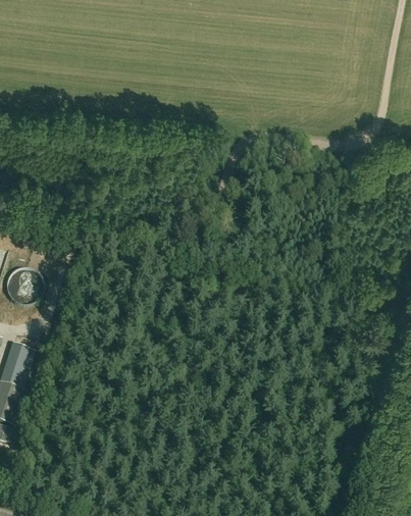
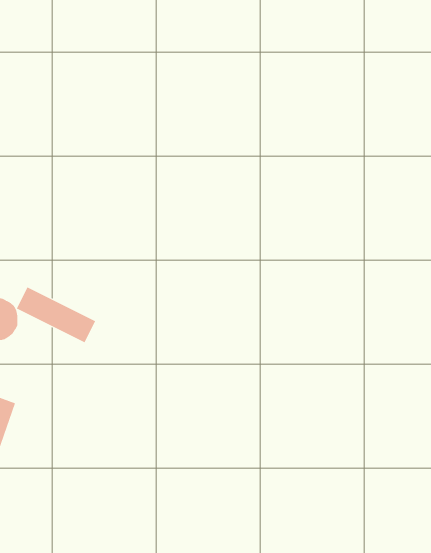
building: none -> [16,286,96,343]

